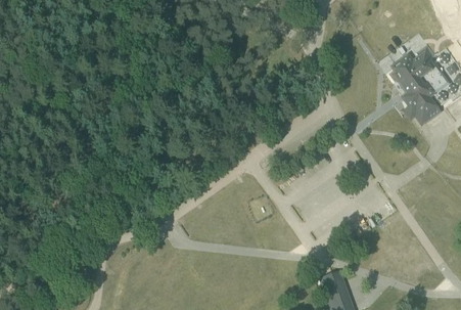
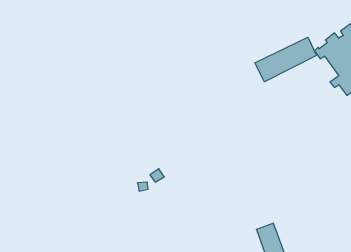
building: none -> [255,37,317,82]

